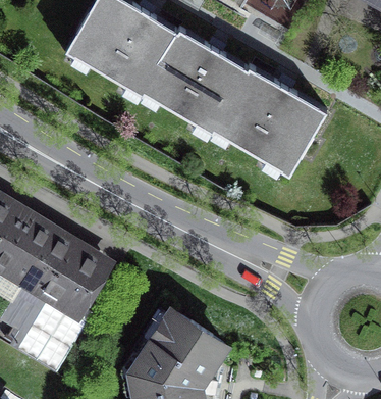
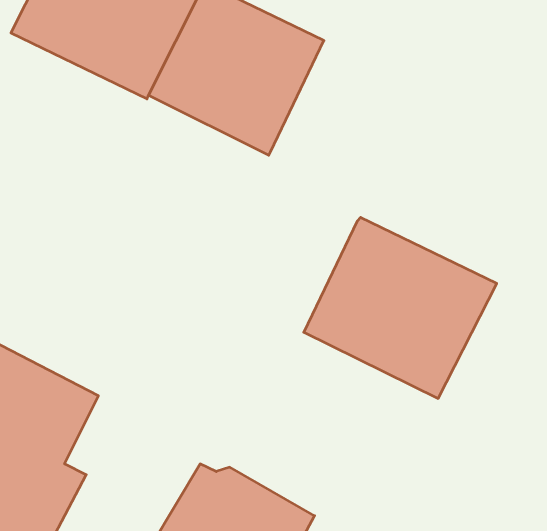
building: [212,64,327,173] -> [304,217,497,398]

